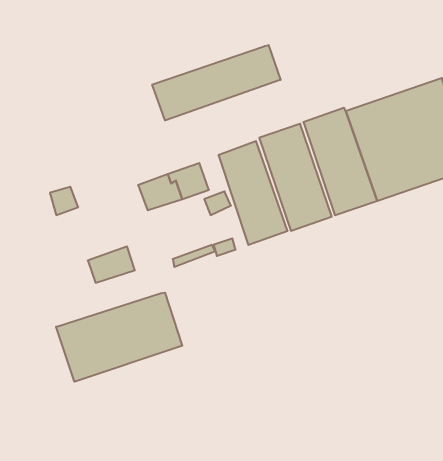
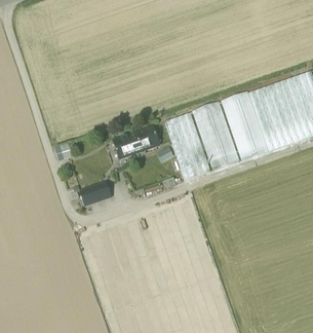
building: [152,45,281,120] -> none
building: [56,293,182,382] -> none

